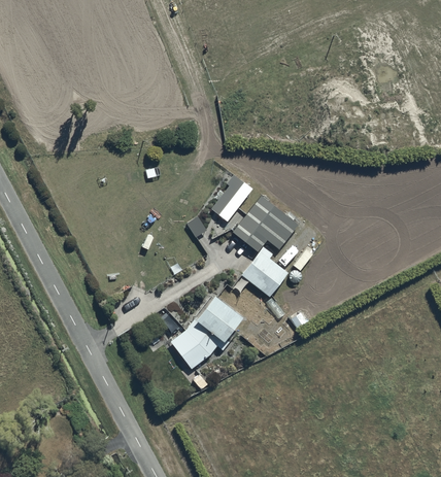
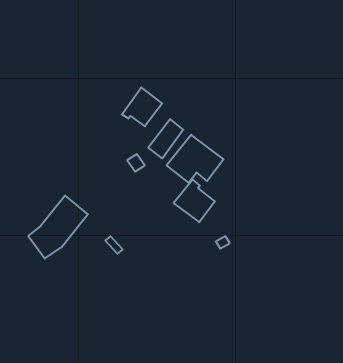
building: none -> [122,87,162,126]
building: [170,295,240,369] -> [28,196,88,259]

